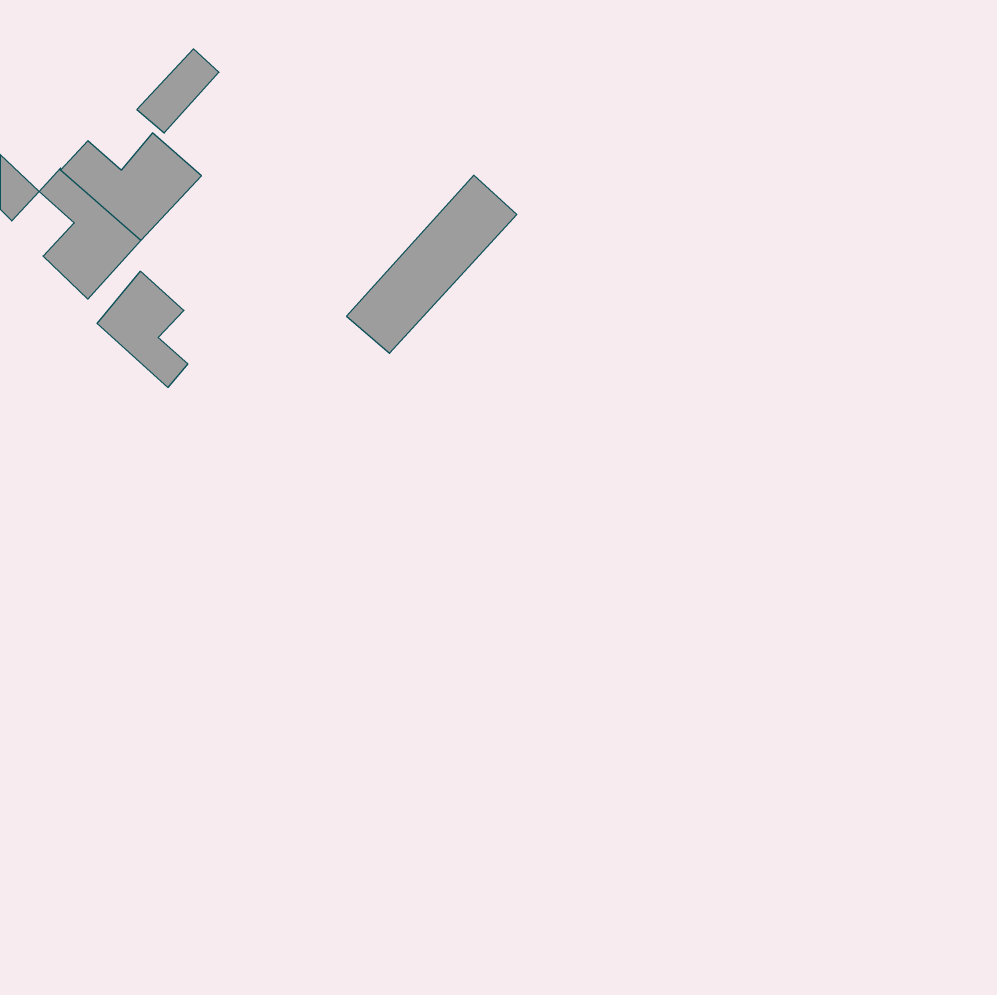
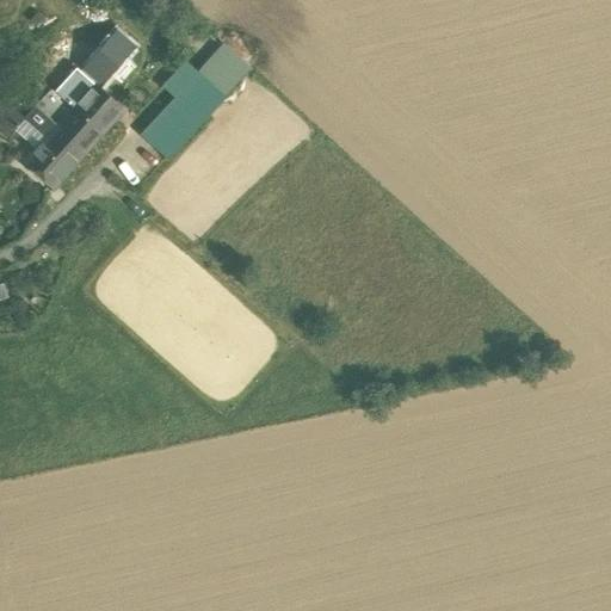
building: [347,175,517,353] -> [143,47,247,155]
building: [97,271,188,387] -> none

